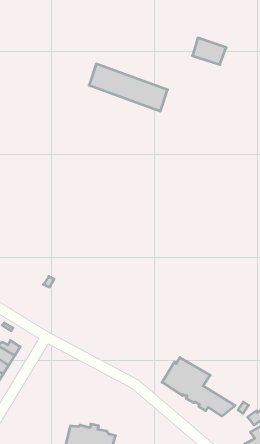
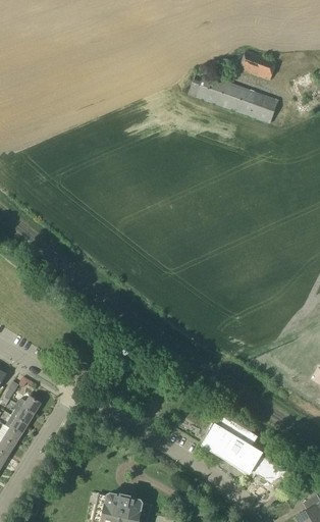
building: [89,64,168,111] -> [188,69,277,123]

